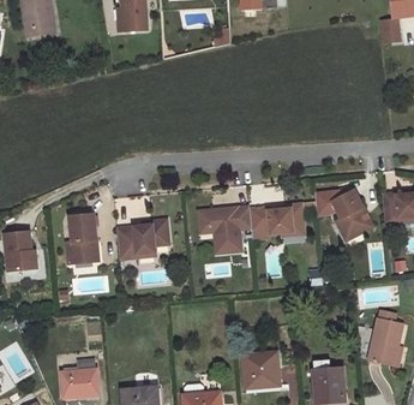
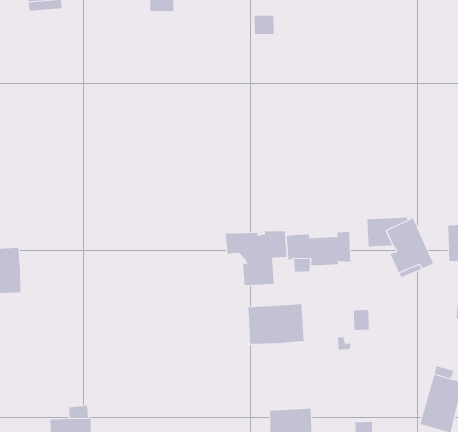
building: [66,214,96,263] -> none
building: [116,220,168,260] -> none
building: none -> [248,304,304,345]

